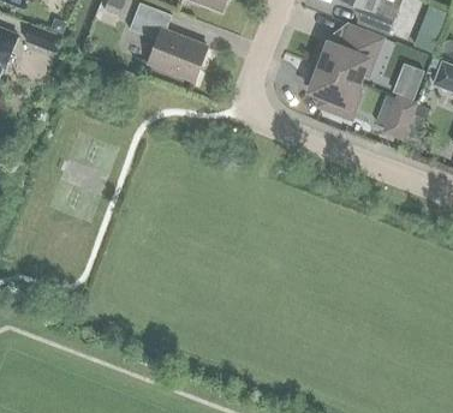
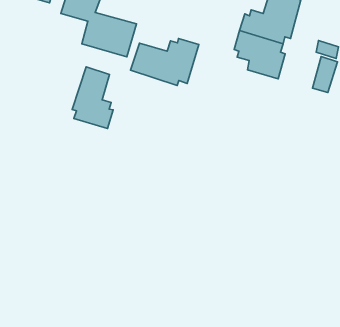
building: none -> [131,38,199,86]
building: none -> [72,67,113,129]

